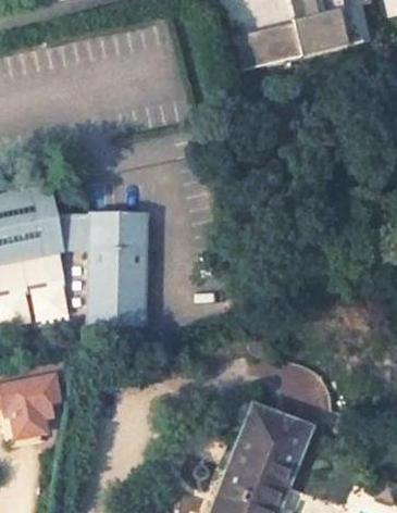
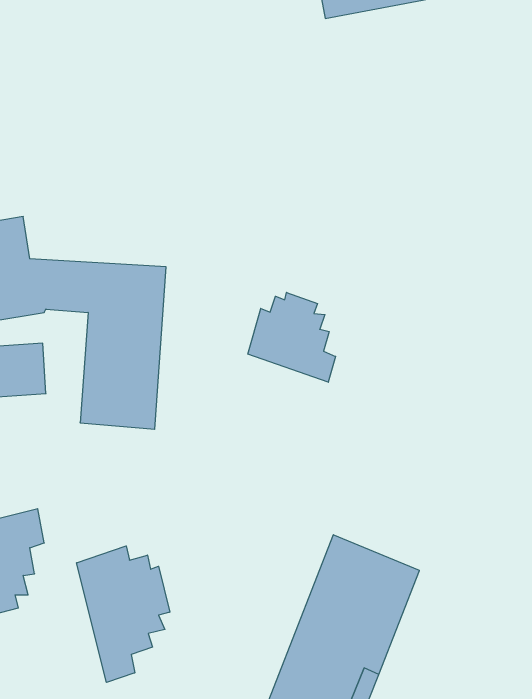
building: none -> [248,292,336,382]
building: none -> [77,546,170,682]

